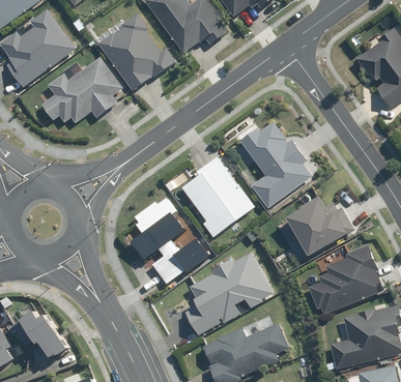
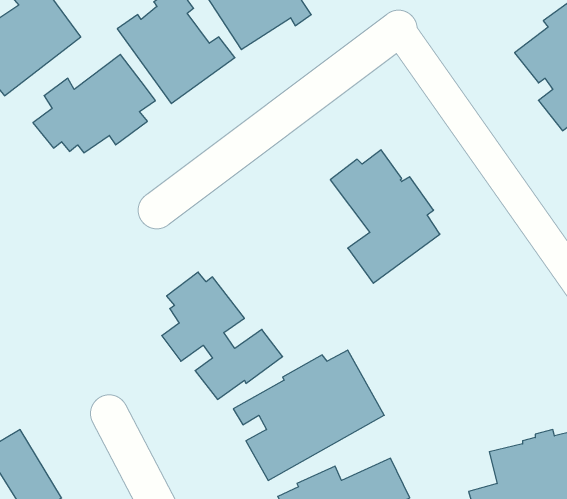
building: [181,156,255,237] -> none
building: [284,196,353,262] -> none
building: [307,244,382,315] -> none

